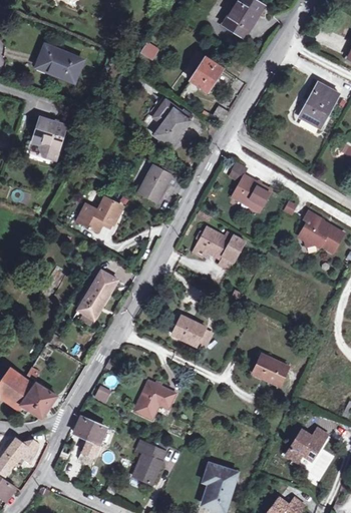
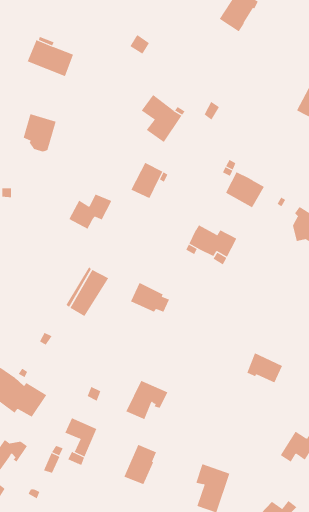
building: [190,57,223,92] -> none
building: [171,316,211,346] -> [130,282,170,313]

